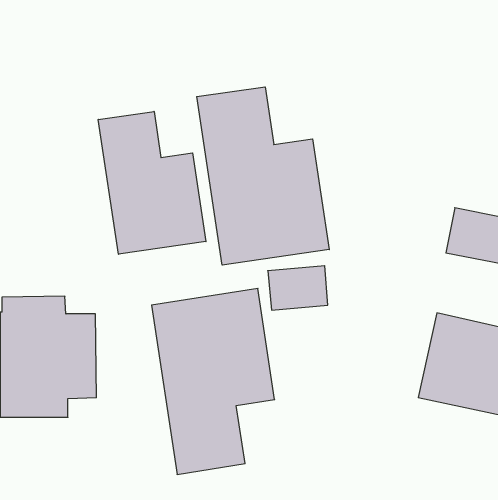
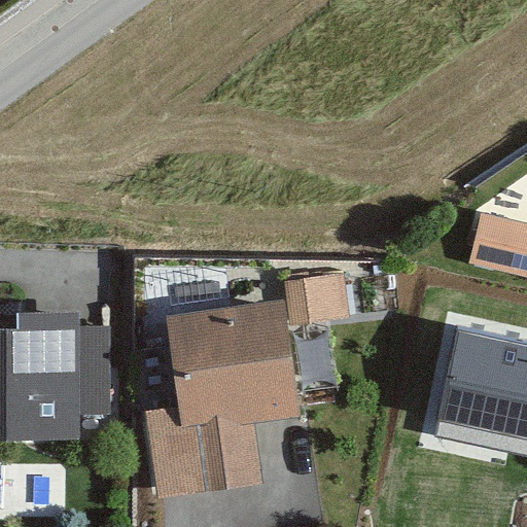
building: [197,87,329,265] -> none
building: [98,111,206,254] -> none

